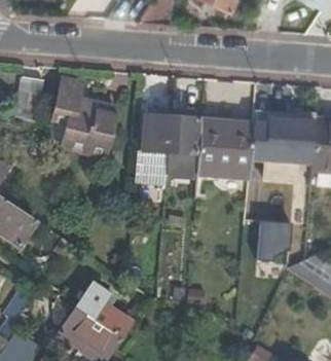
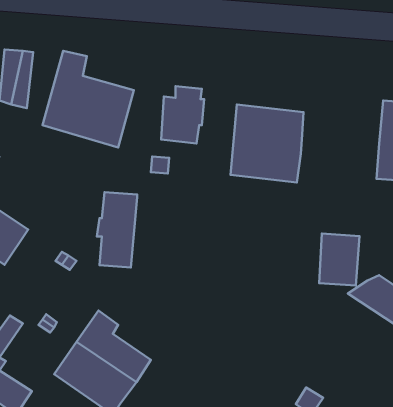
building: [251,109,304,184] -> none
building: [169,117,200,177] -> [97,192,137,268]

